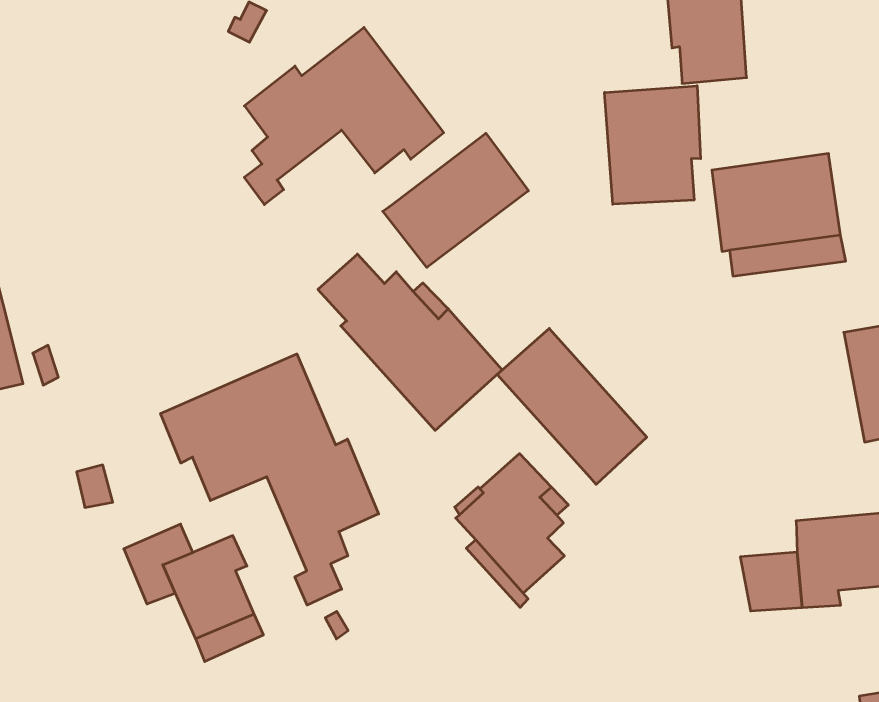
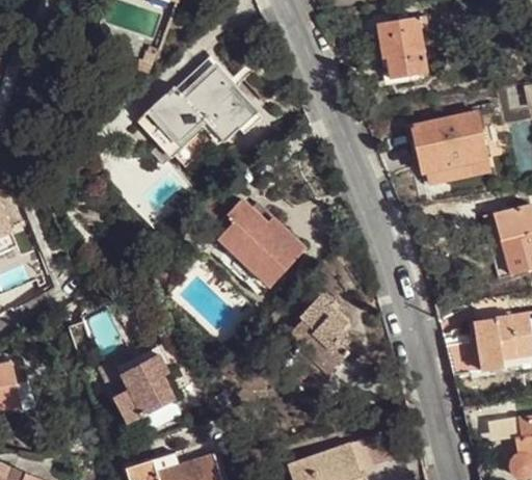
building: [605,86,701,204] -> none
building: [383,133,528,267] -> none
building: [497,328,647,484] -> none
building: [161,354,379,605] -> none

